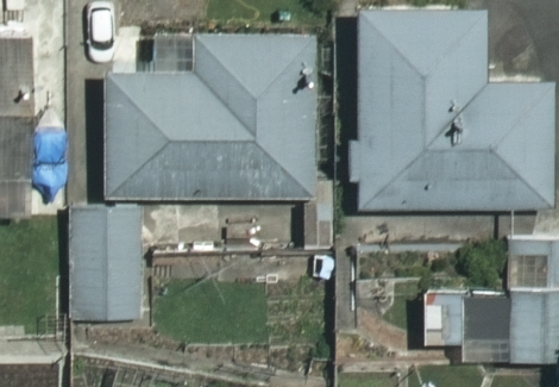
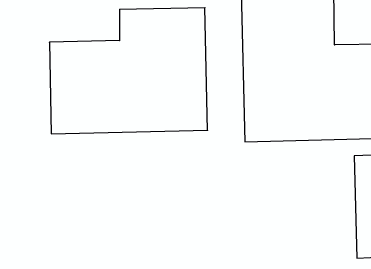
building: [75,212,144,330] -> none

